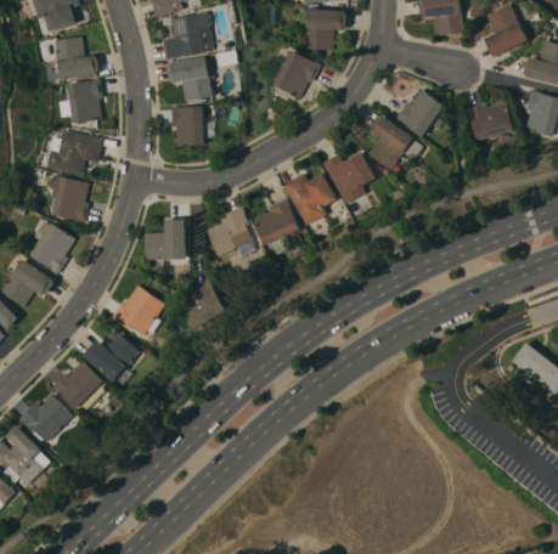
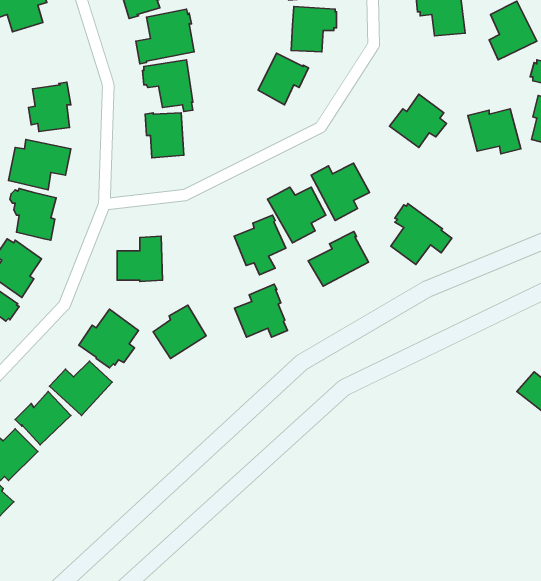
building: [53,36,98,80] -> none
building: [366,114,422,170] -> [391,204,452,265]
building: [205,208,254,256] -> [234,284,288,337]
building: none -> [308,232,369,286]

